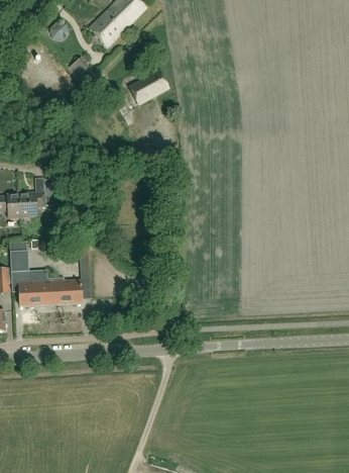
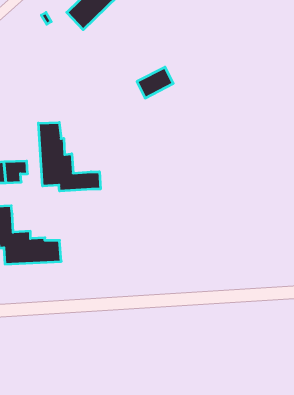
building: [128,70,168,104] -> [137,67,173,98]
building: none -> [38,122,100,191]

